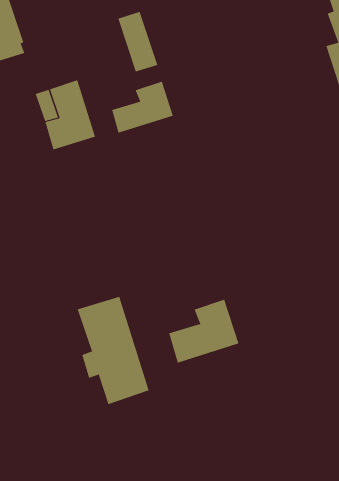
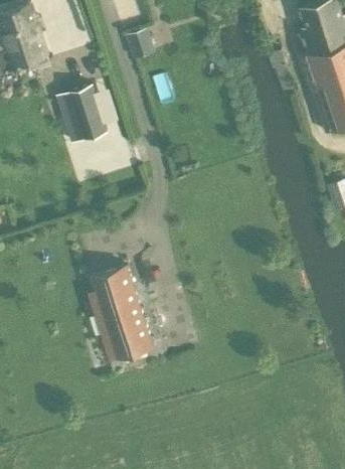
building: [111,81,174,133] -> none
building: [168,299,239,363] -> none

